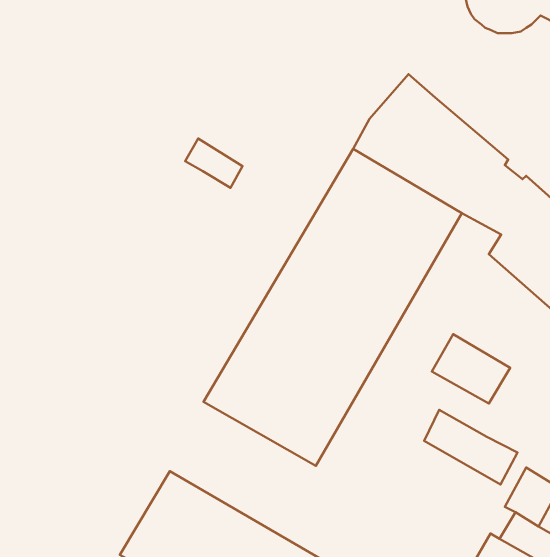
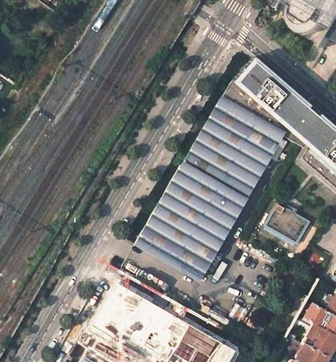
building: [185,139,242,188] -> none
building: [424,410,517,484] -> none

